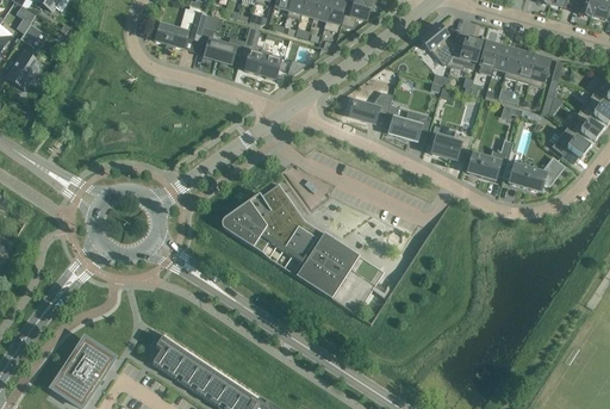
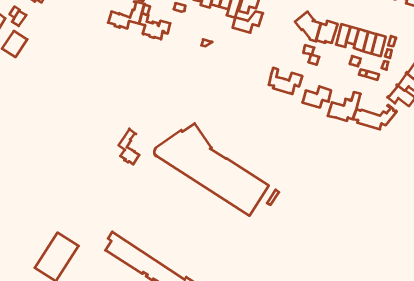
building: [242,25,287,78] -> none
building: [350,92,393,122] -> [233,12,263,33]
building: none -> [119,129,139,164]

